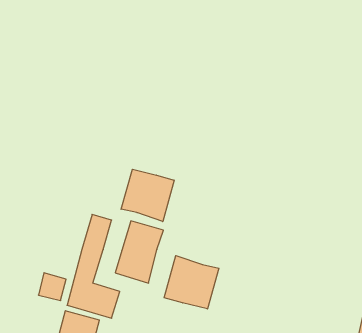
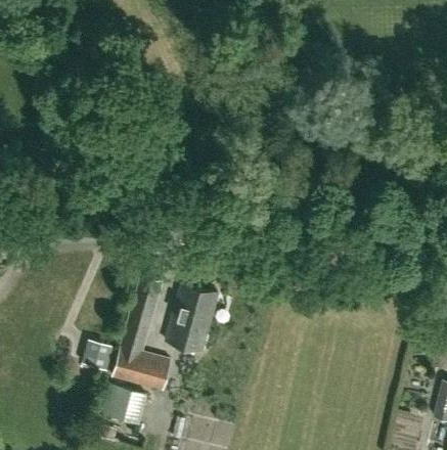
building: [121,169,174,222] -> none
building: [164,256,219,309] -> none

